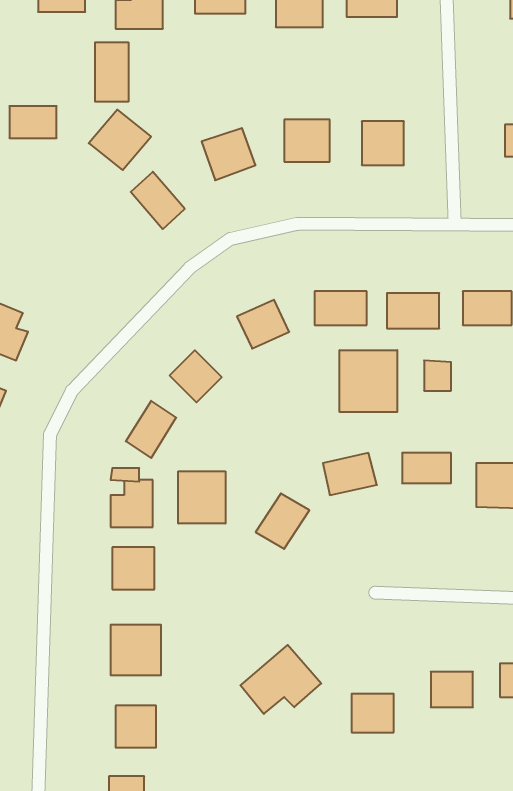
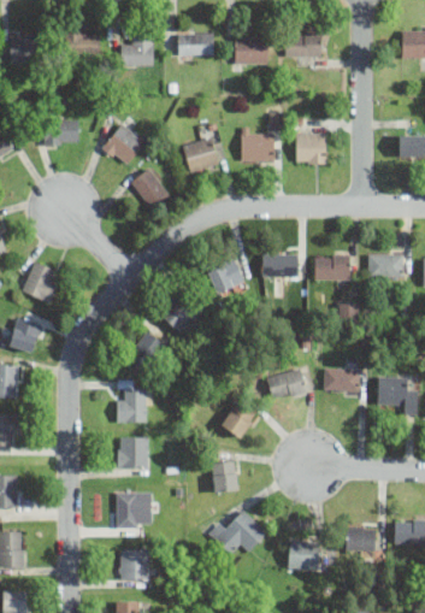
building: [95,42,128,102] -> none
building: [340,350,397,412] -> none
building: [178,471,225,524] -> none
building: none -> [212,461,238,493]

